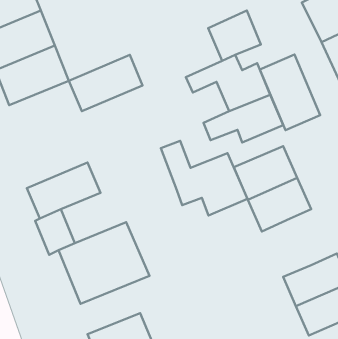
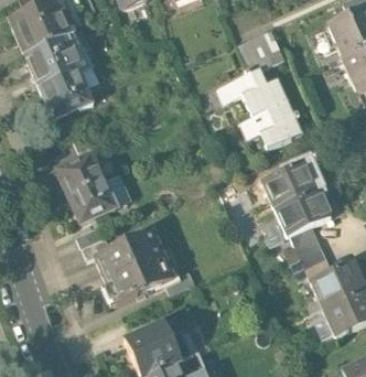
building: [260,54,320,130] -> none
building: [69,55,143,111] -> [52,143,121,196]
building: [161,141,247,215] -> none
building: none -> [286,225,332,280]

